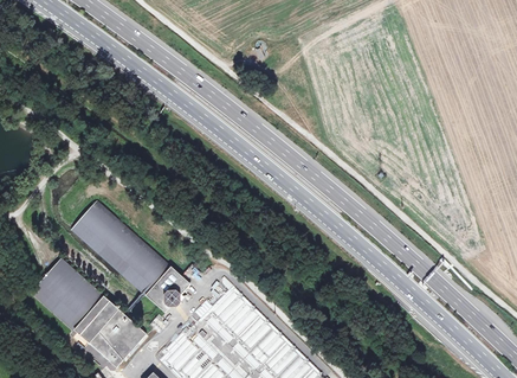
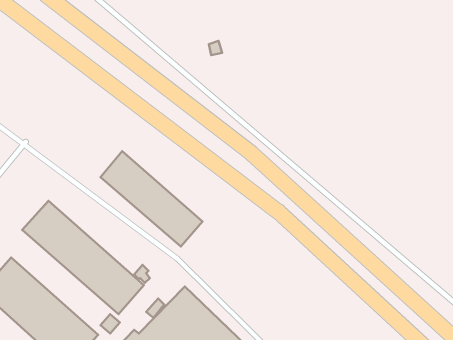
building: none -> [100,151,203,247]

